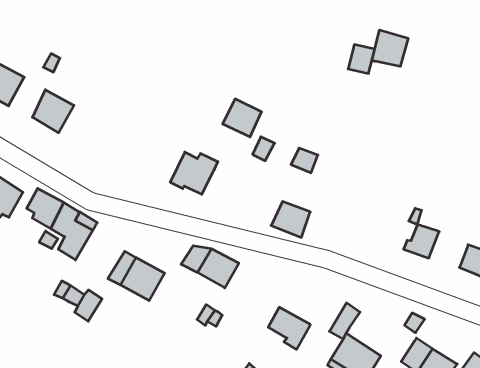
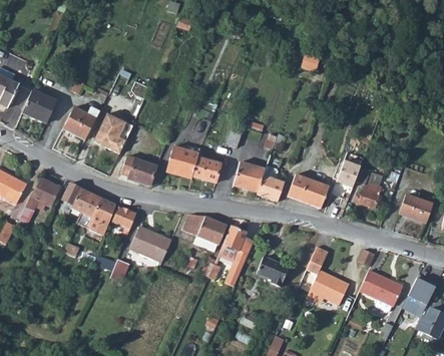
building: [372,30,408,66] -> none
building: [223,99,262,137] -> [197,155,227,184]
building: none -> [92,114,130,154]
building: none -> [122,155,159,188]
building: none -> [230,161,262,193]
building: none -> [333,160,357,189]
building: none -> [285,173,327,209]
building: none -> [113,205,138,234]
building: none -> [219,228,255,283]

